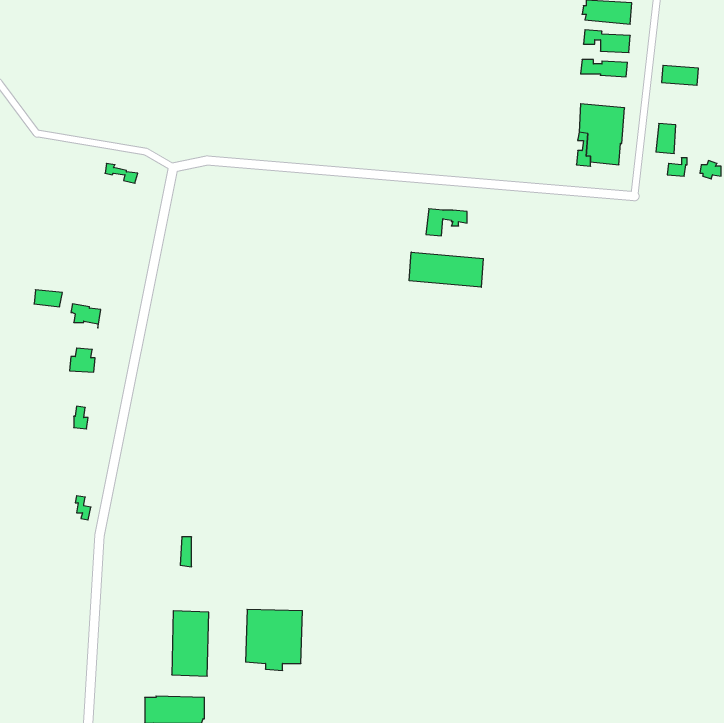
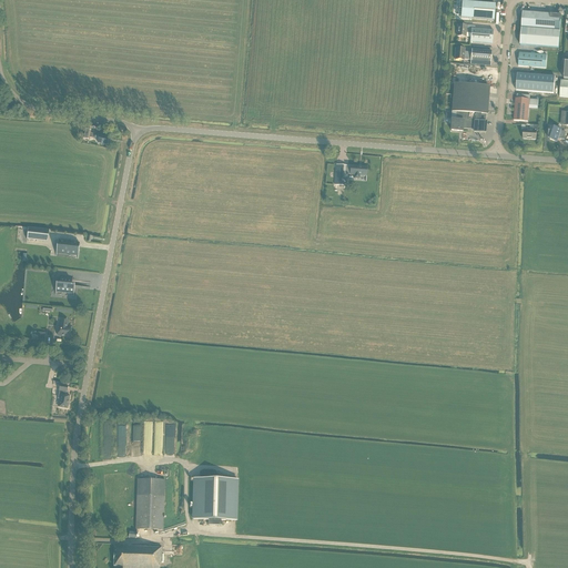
building: none -> [519,10,560,45]
building: none -> [515,72,554,91]
building: [409,252,483,287] -> none

